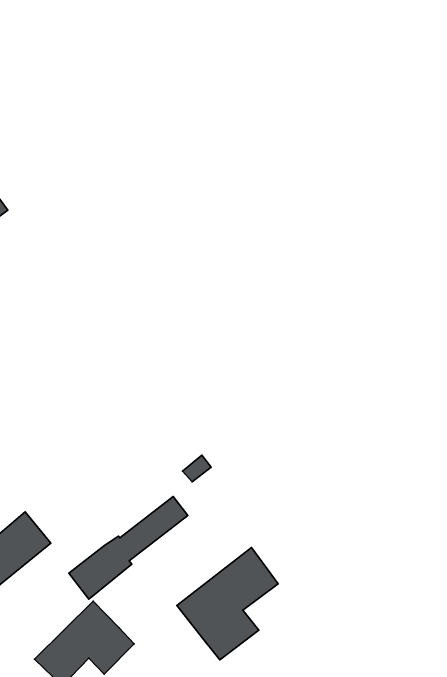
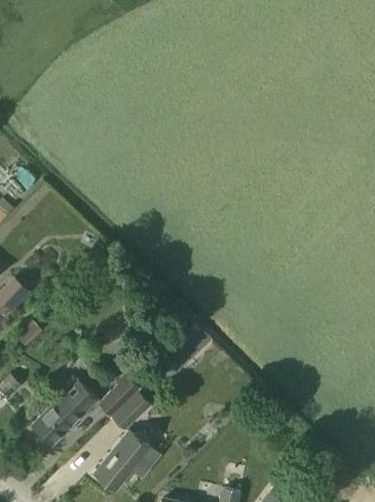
building: none -> [99,375,141,416]
building: [177,548,278,660] -> none

